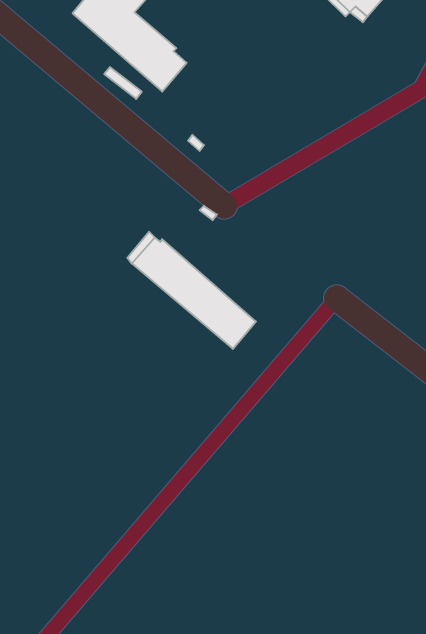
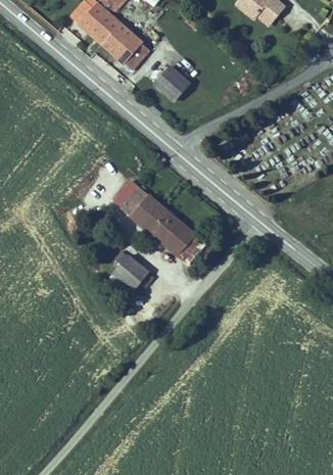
building: none -> [151,65,189,103]
building: none -> [104,243,147,288]

